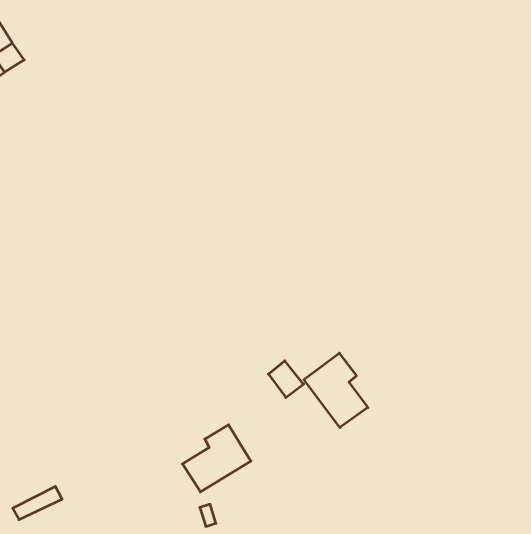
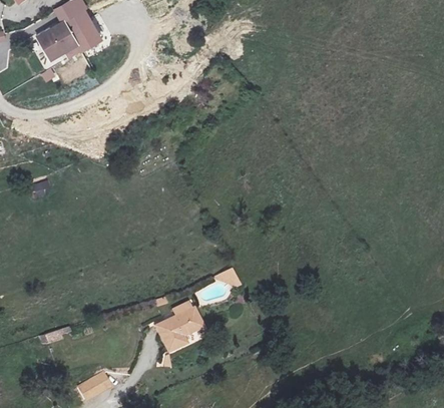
building: [304,353,368,428] -> none

